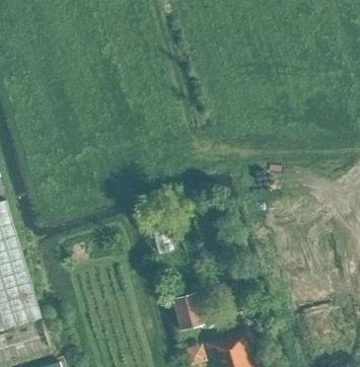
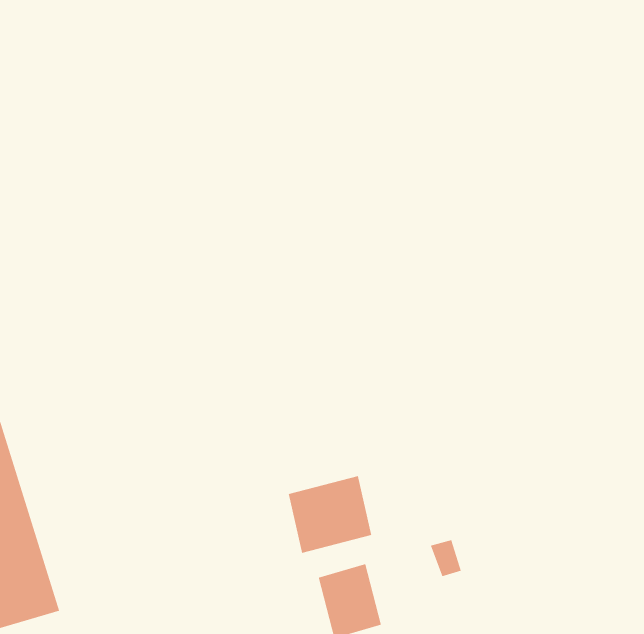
building: none -> [288,475,372,554]

